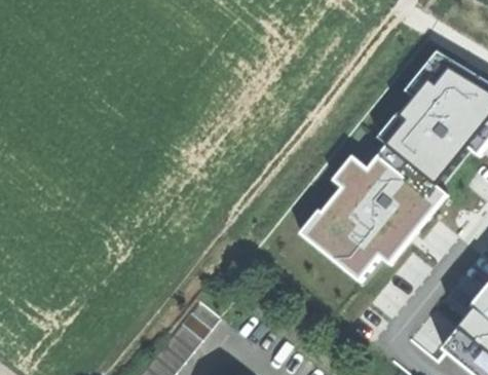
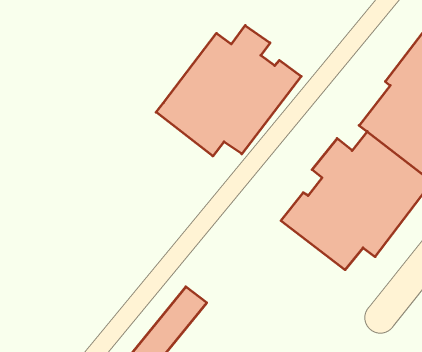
building: none -> [156,25,301,156]

